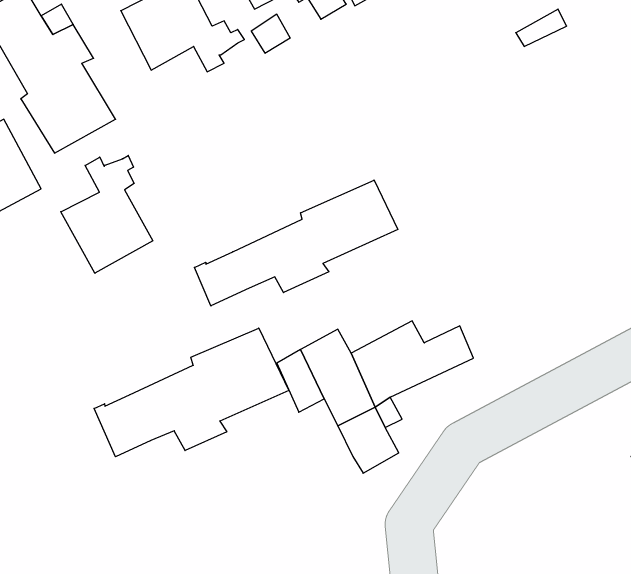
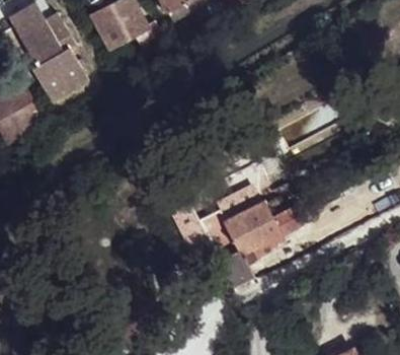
building: [61,155,153,273] -> none
building: [194,180,398,306] -> none
building: [94,328,289,457] -> none

